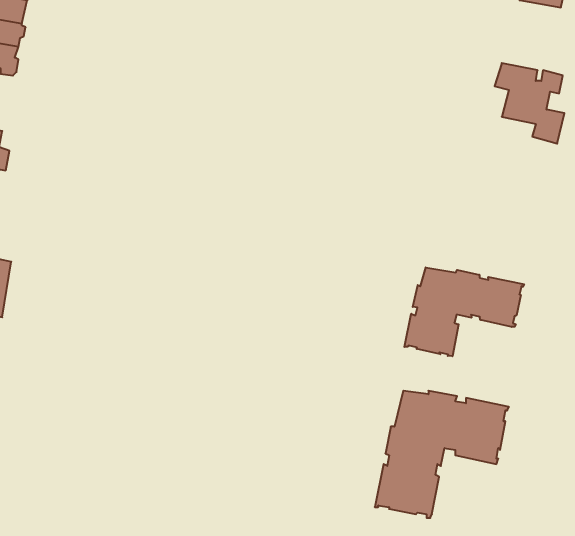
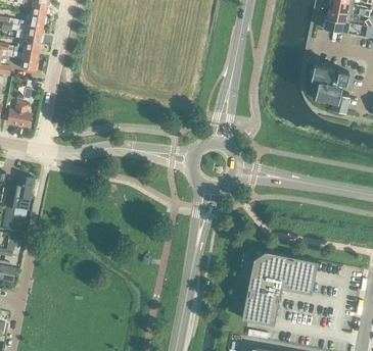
building: [404,267,524,356] -> none

